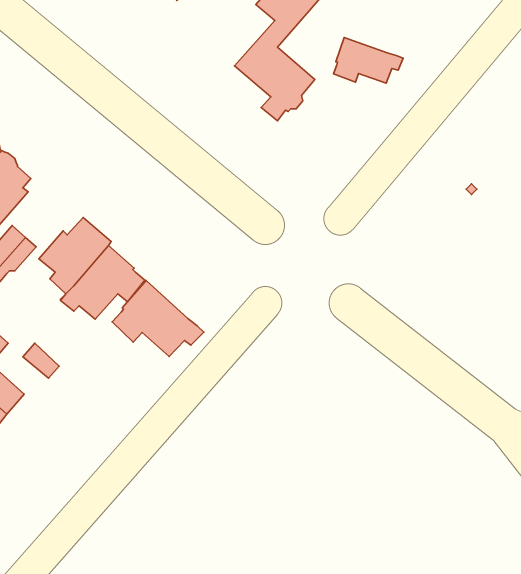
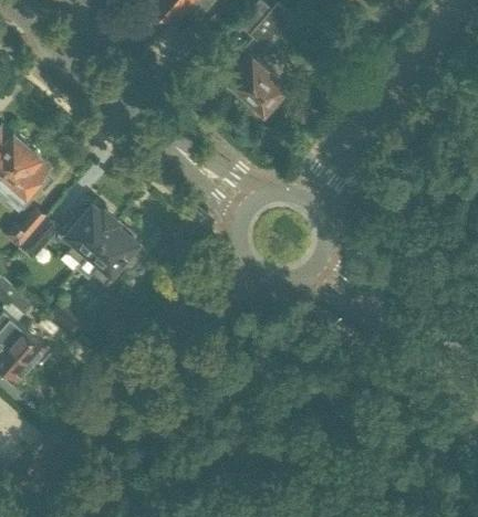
building: [333,37,403,83] -> none
building: [112,280,204,357] -> none

